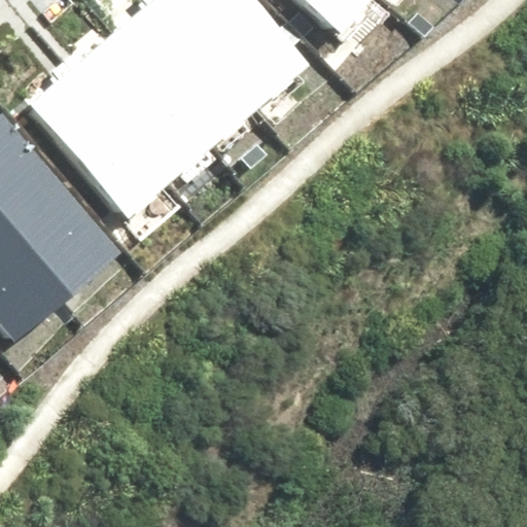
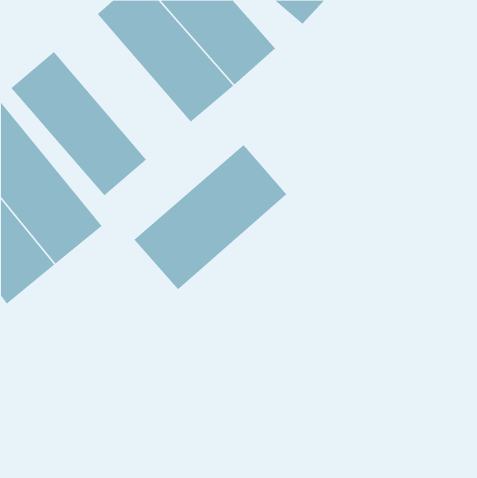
building: [67,23,215,180] -> none
building: none -> [133,144,287,290]

